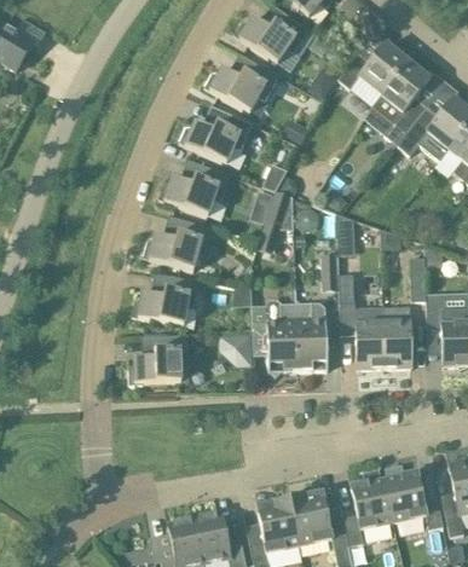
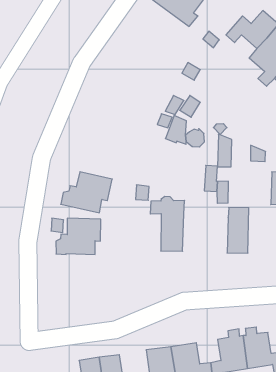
building: [204,53,279,112] -> none
building: [179,105,253,164] -> none
building: [158,160,230,216] -> none
building: [143,216,213,272] -> none
building: [296,303,328,371] -> none
building: [382,307,412,369] -> none
building: [219,335,252,366] -> none

